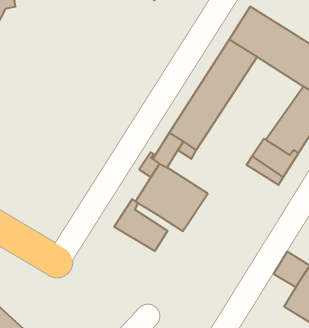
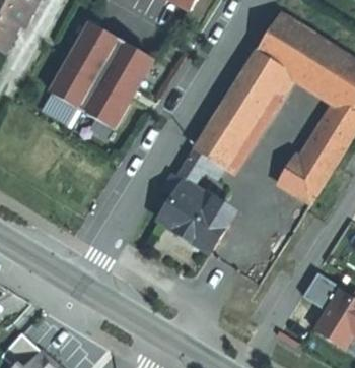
building: none -> [43,20,150,128]
building: [114,199,167,251] -> none

